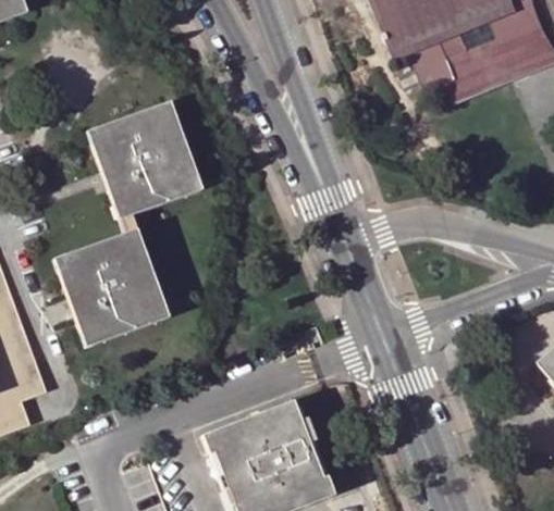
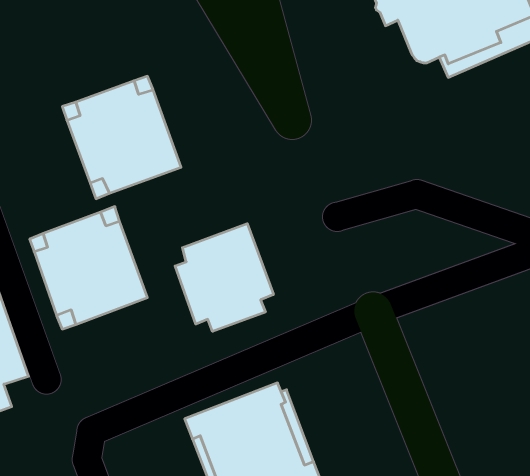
building: none -> [175,224,273,331]

